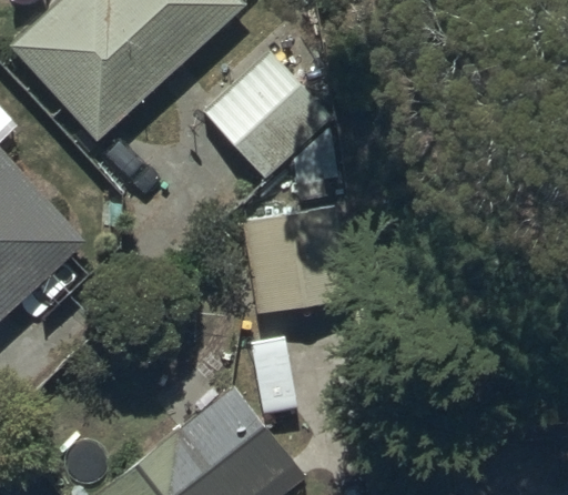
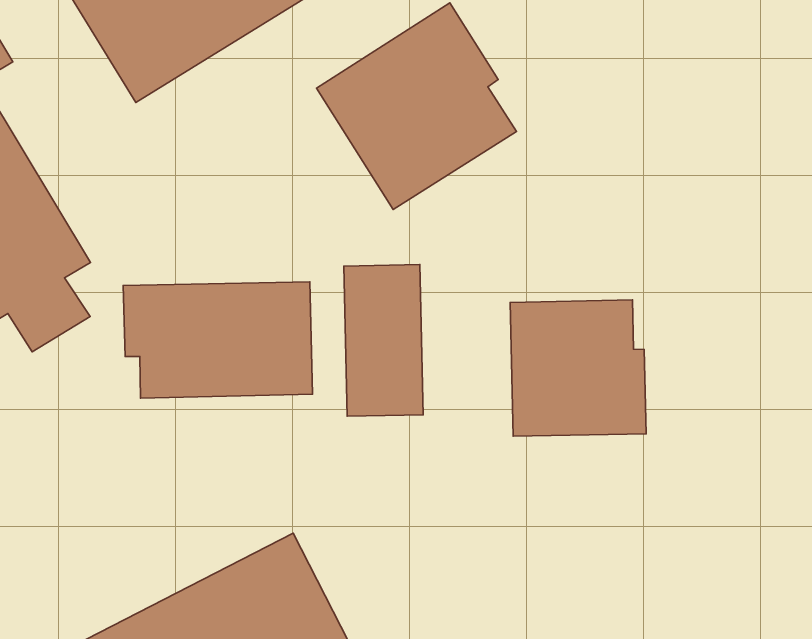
building: none -> [510,300,646,436]
building: none -> [123,282,312,398]

